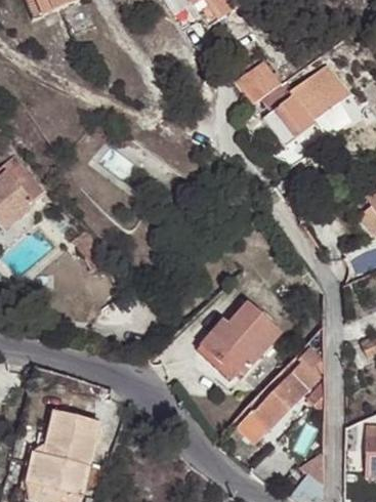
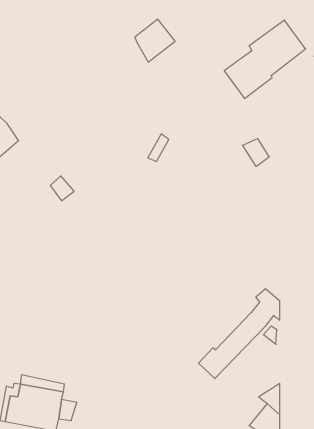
building: [236,60,279,107] -> [135,19,175,62]
building: [201,302,280,371] -> none
building: [46,419,97,450] -> none

